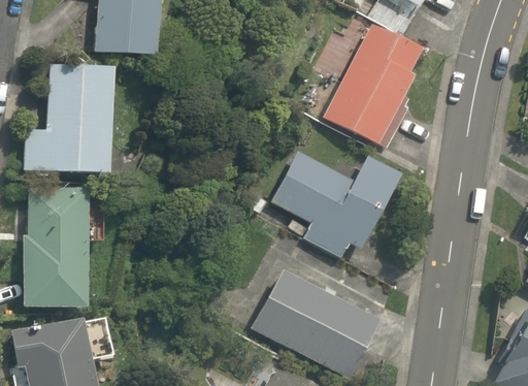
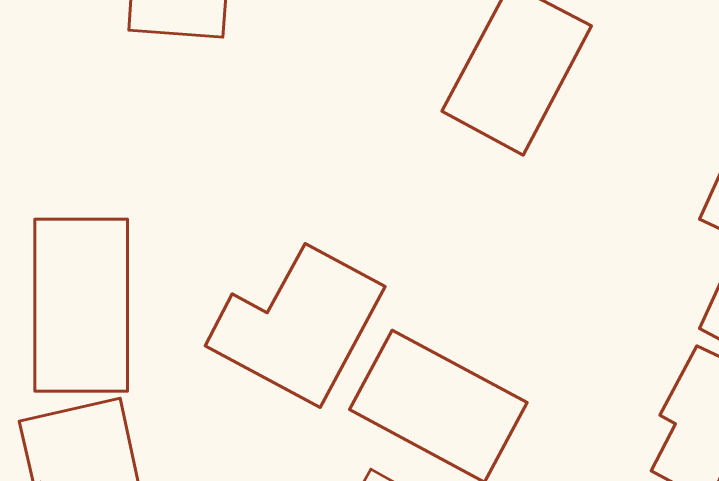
building: [24,60,114,173] -> none
building: [270,150,403,256] -> none
building: none -> [205,244,385,408]

